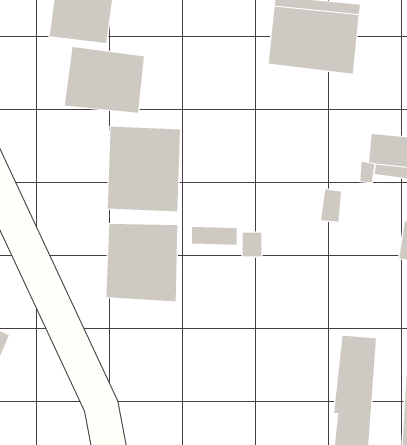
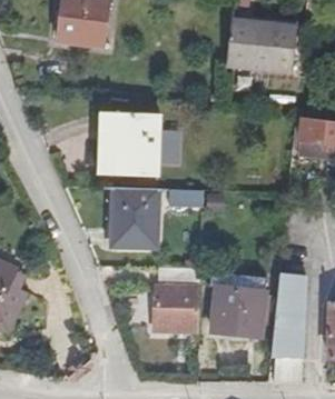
building: [64,46,145,114] -> none
building: none -> [154,268,200,332]
building: none -> [211,275,267,338]

